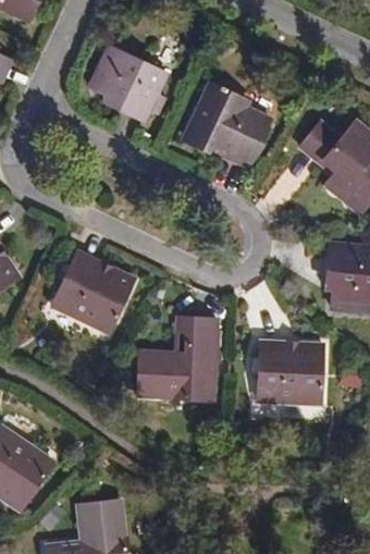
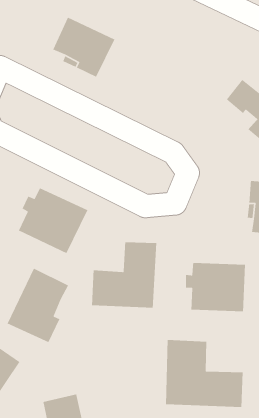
building: [184,84,270,163] -> none
building: none -> [6,267,69,343]
building: none -> [165,339,243,408]

